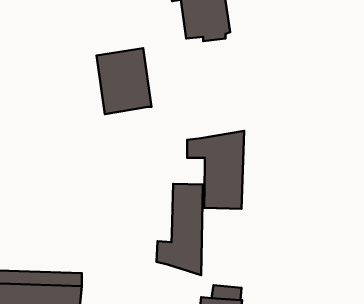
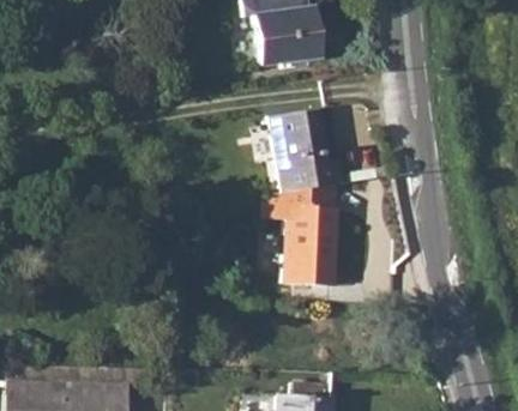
building: [96,48,152,114] -> [271,109,342,194]
building: [157,184,203,275] -> none

